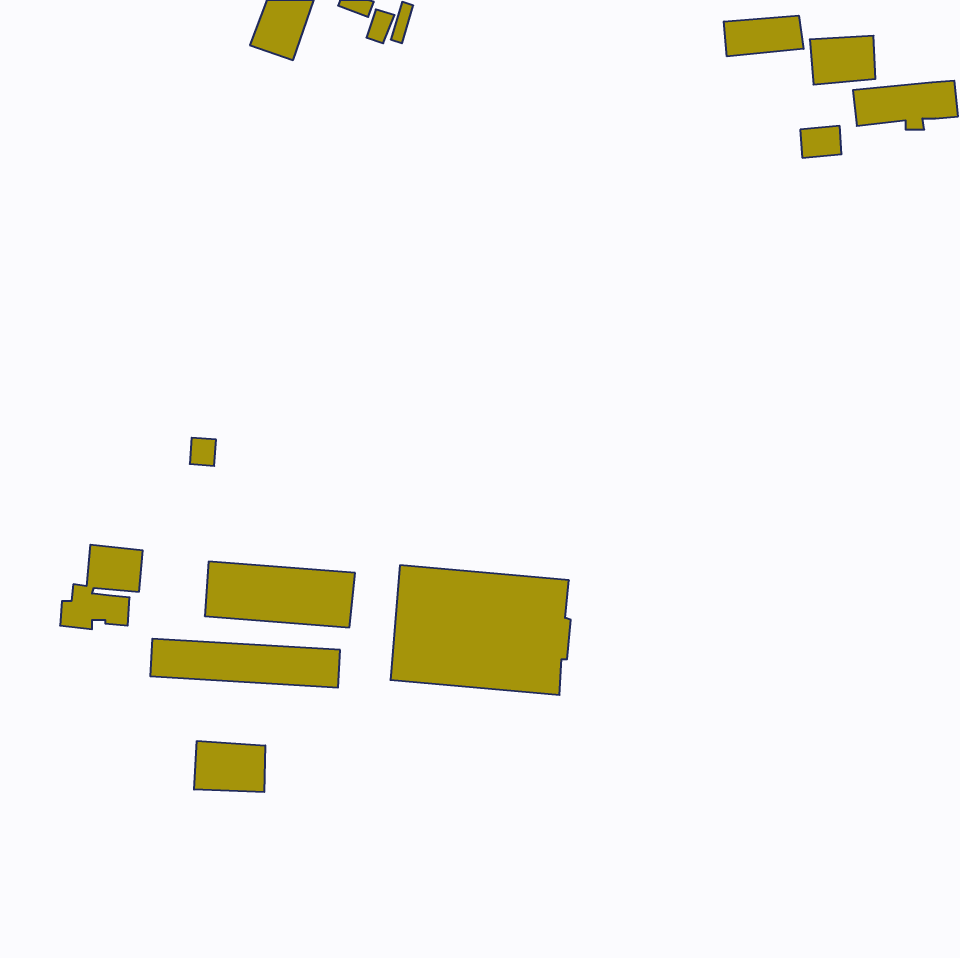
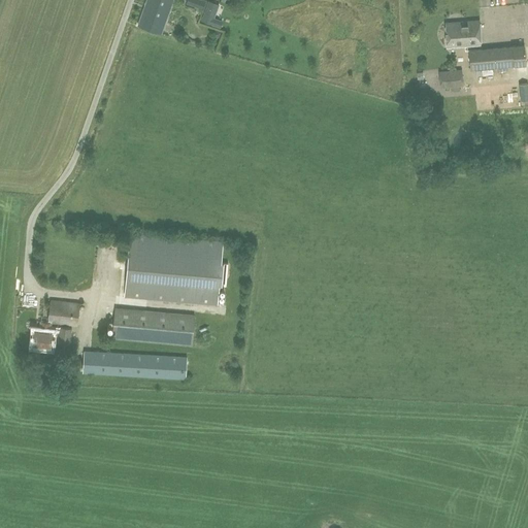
building: [724,16,804,56] -> none
building: [390,565,571,695] -> [125,234,224,305]
building: [194,741,265,792] -> none

